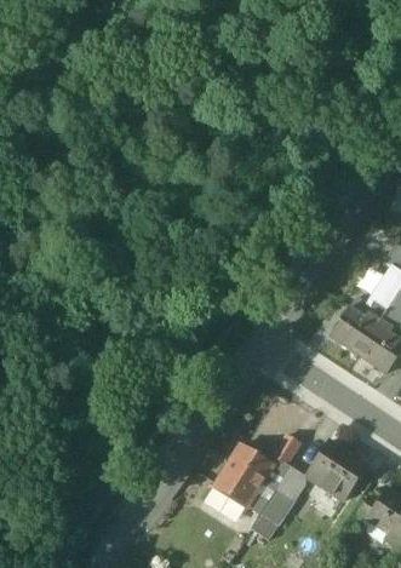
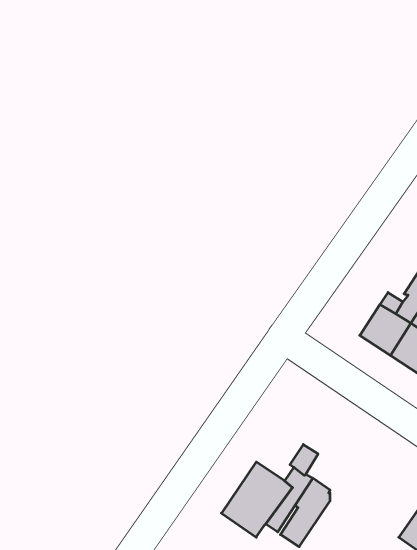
building: [303,443,362,503] -> none

